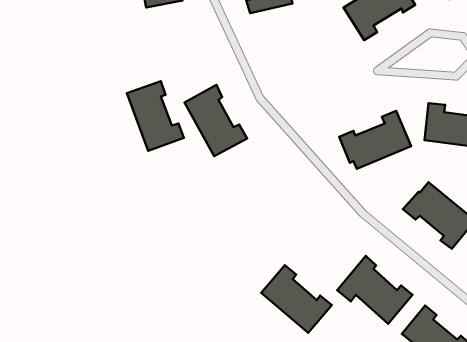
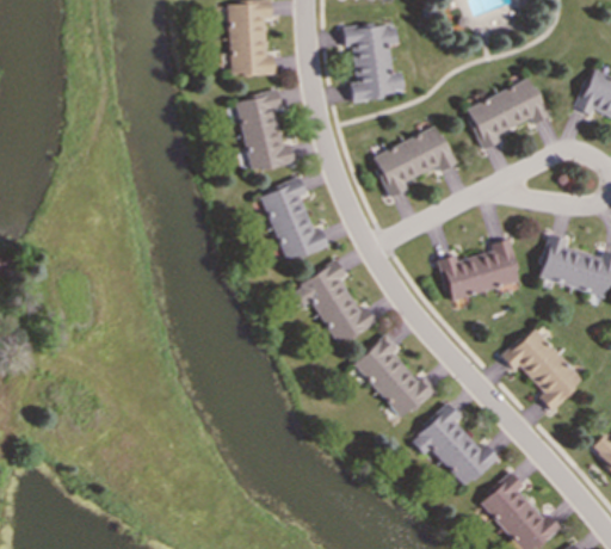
building: none -> [371,125,456,197]
building: [127,81,184,151] -> [235,91,295,171]
building: none -> [291,261,376,344]
building: [261,265,332,333] -> [353,334,434,418]

